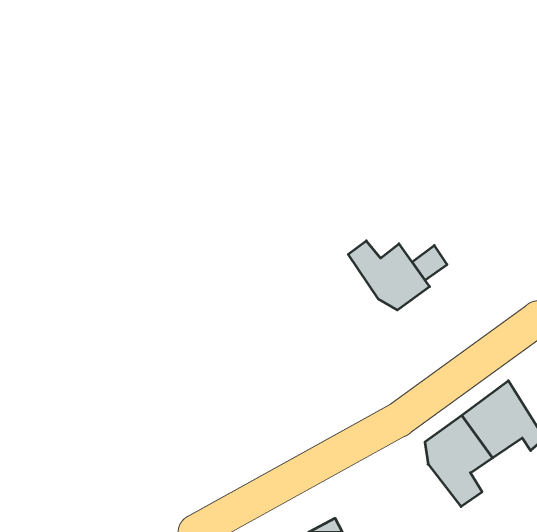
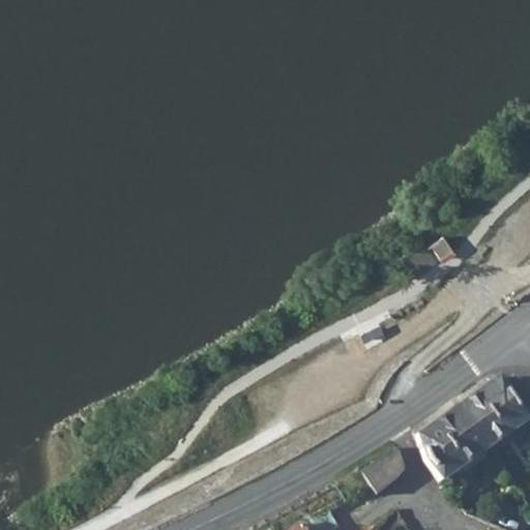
building: [348,241,430,310] -> none
building: none -> [366,445,405,491]

